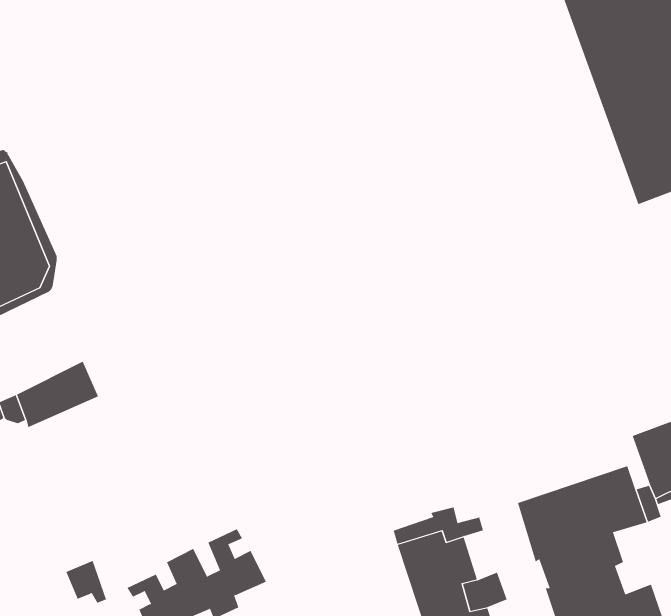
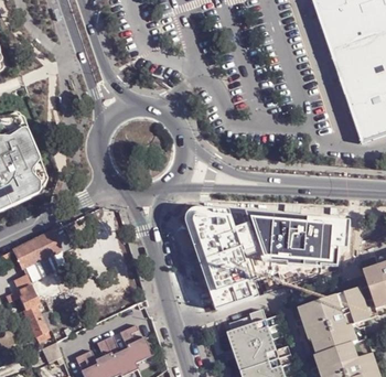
building: none -> [182,208,342,311]
building: none -> [17,273,52,337]

